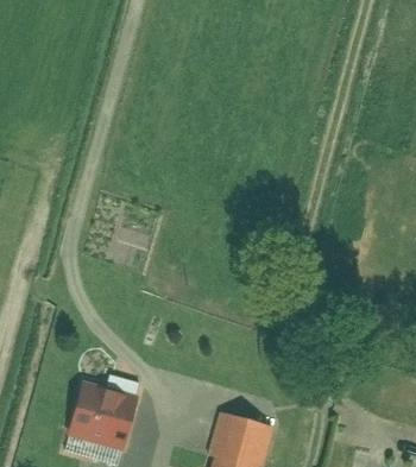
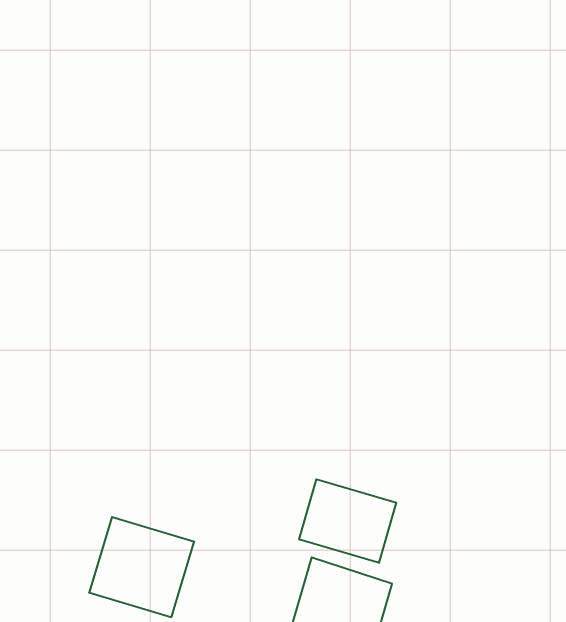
building: none -> [299,479,396,563]

